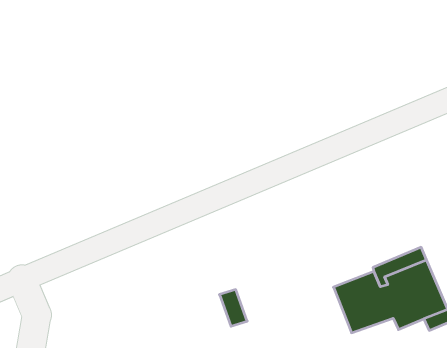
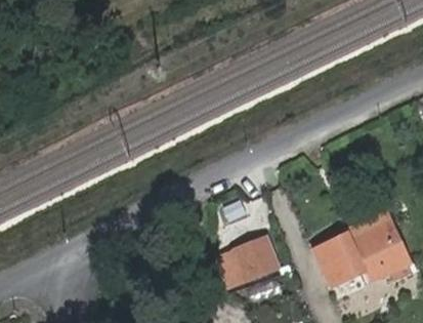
building: none -> [232,236,276,278]

